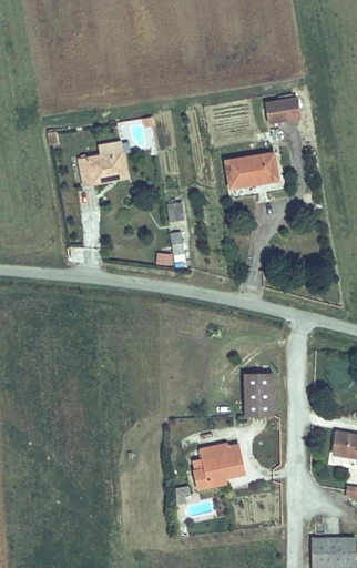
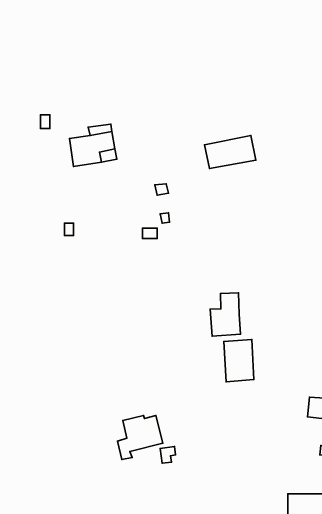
building: [264,98,297,122] -> none
building: none -> [210,293,241,336]
building: [195,444,244,491] -> [118,415,163,460]

